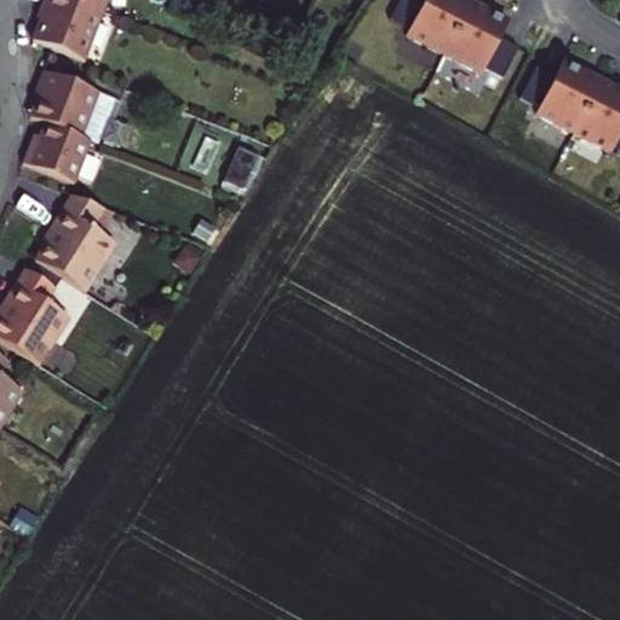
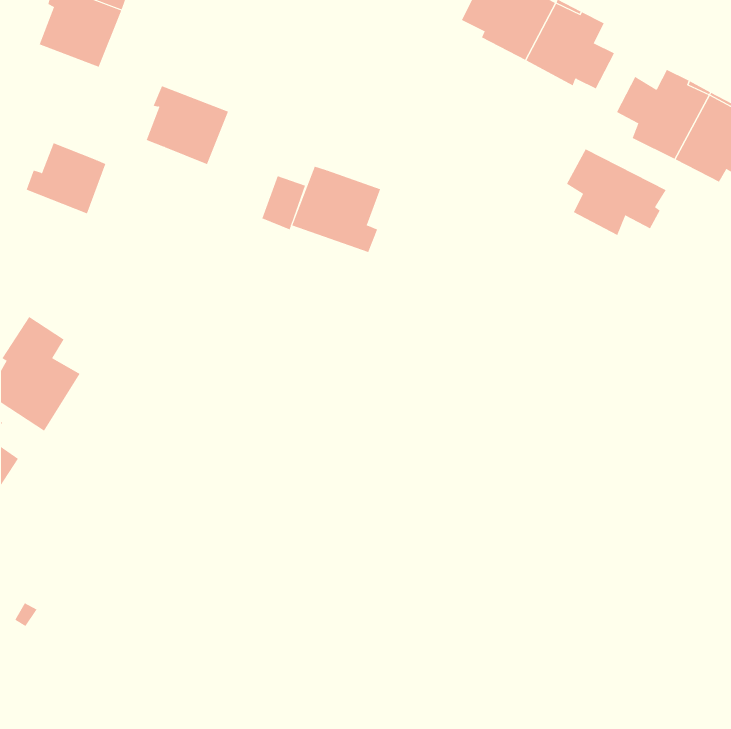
building: [31,68,102,134] -> [146,86,229,165]
building: none -> [566,148,666,236]
building: none -> [292,166,381,253]
building: [31,190,111,286] -> none

